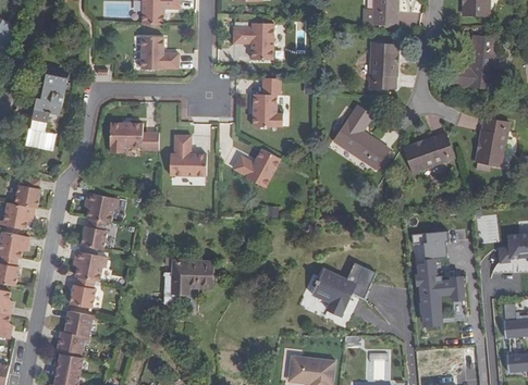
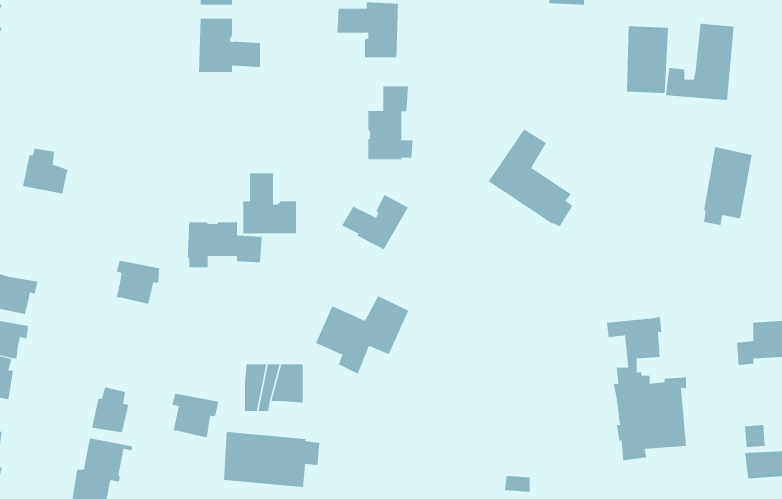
building: [369,44,397,88] -> [626,26,669,93]
building: [32,70,66,121] -> none
building: [109,123,159,153] -> [187,222,263,268]
building: [403,133,453,172] -> none
building: [15,176,40,208] -> none
building: [81,218,106,248] -> none
building: [74,251,106,281] -> [171,393,219,438]
building: [311,262,373,314] -> [315,296,409,375]
building: none -> [224,431,320,488]

